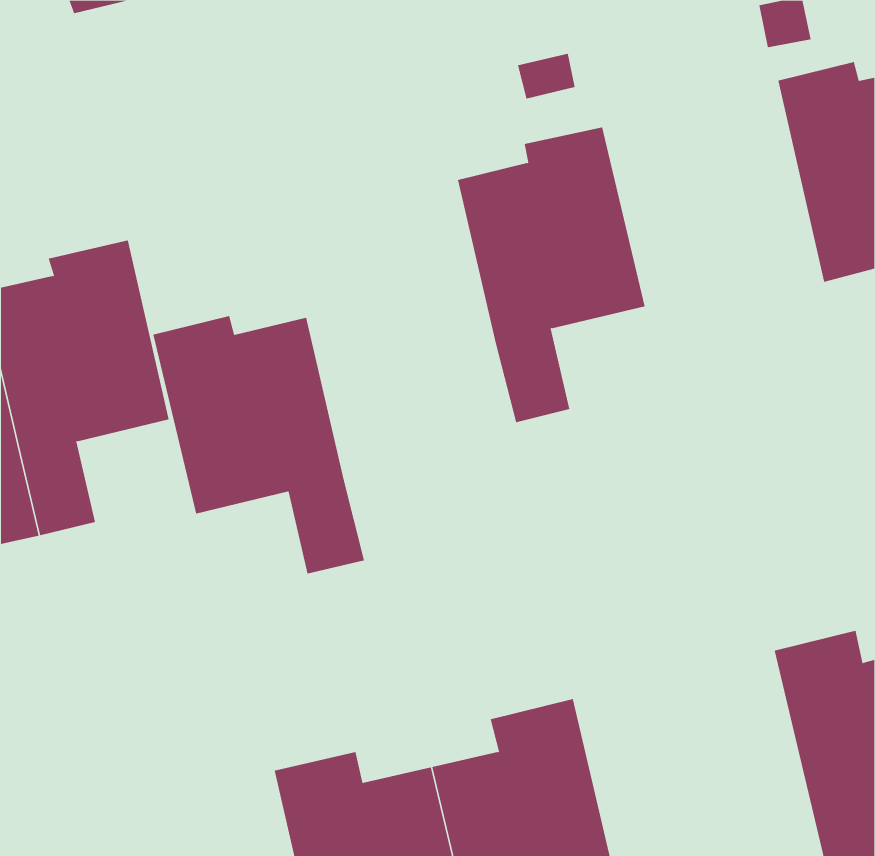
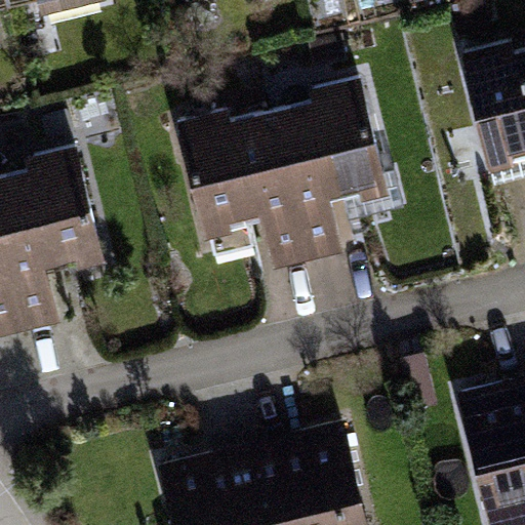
building: [153,316,365,574] -> [181,118,309,273]

